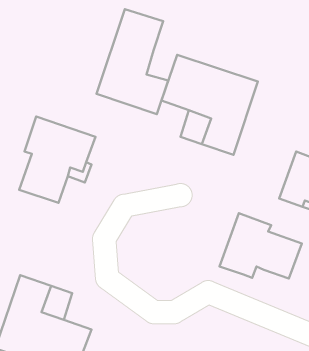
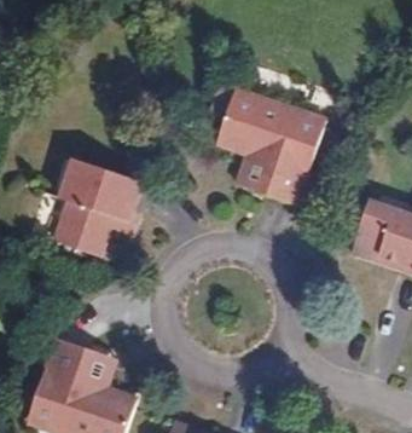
building: [96,9,168,114] -> none
building: [219,213,302,278] -> none

